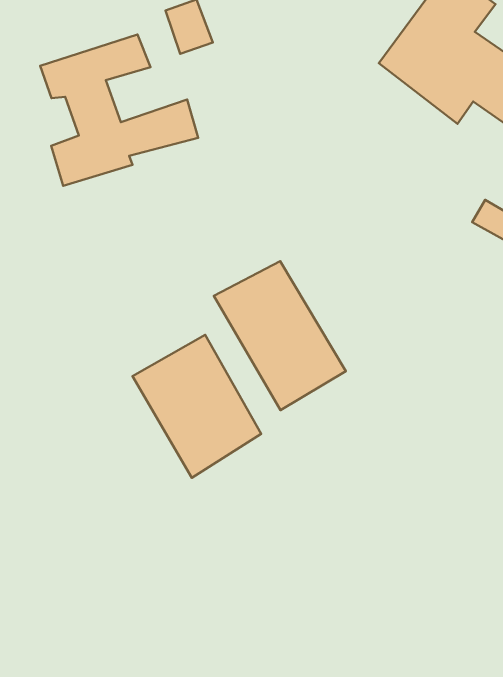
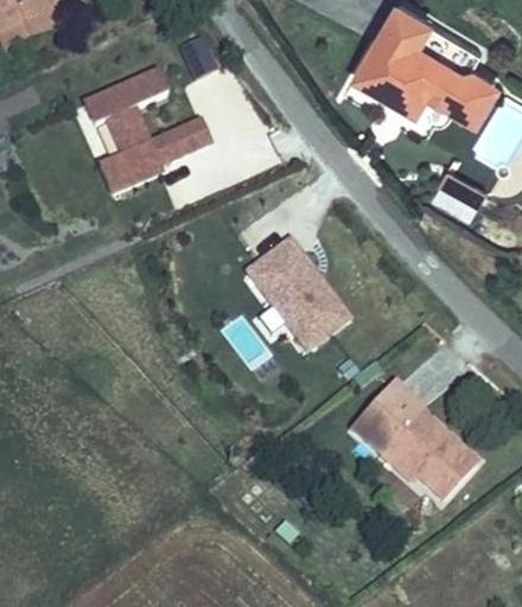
building: [132,335,261,478] -> none
building: none -> [345,377,483,504]

